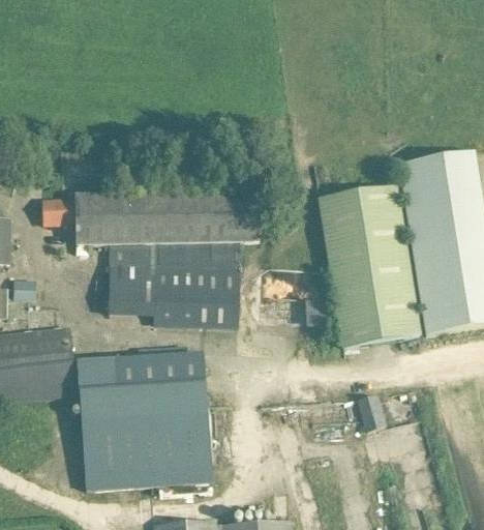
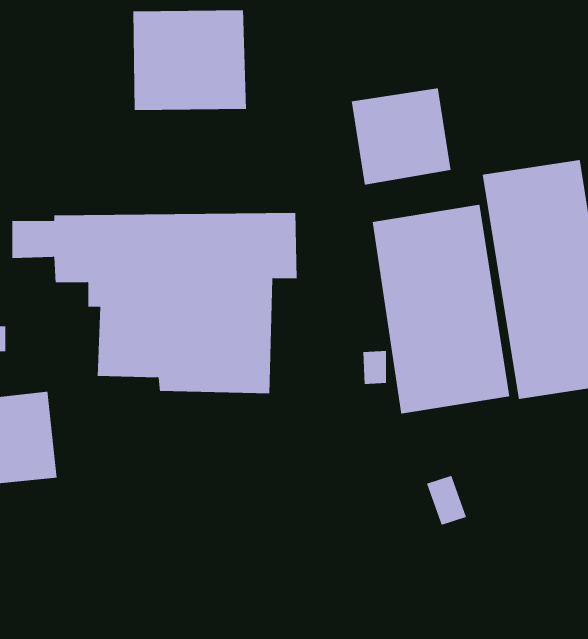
building: none -> [133,10,246,111]
building: none -> [351,87,451,185]
building: [77,353,212,490] -> none

